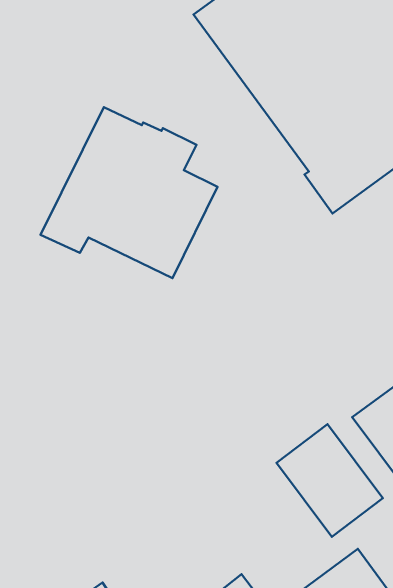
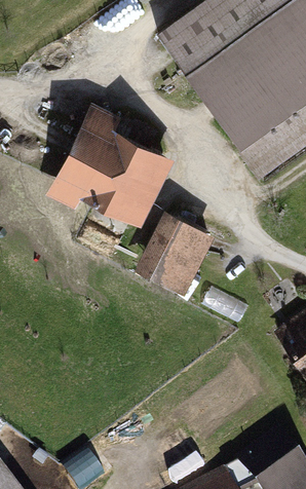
building: none -> [133,211,213,296]
building: [277,424,383,537] -> none

